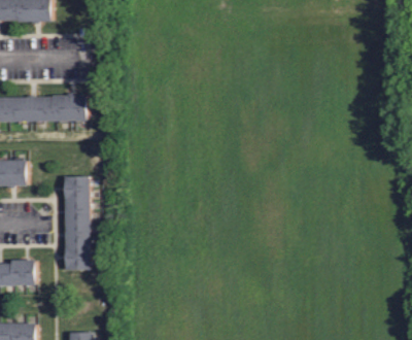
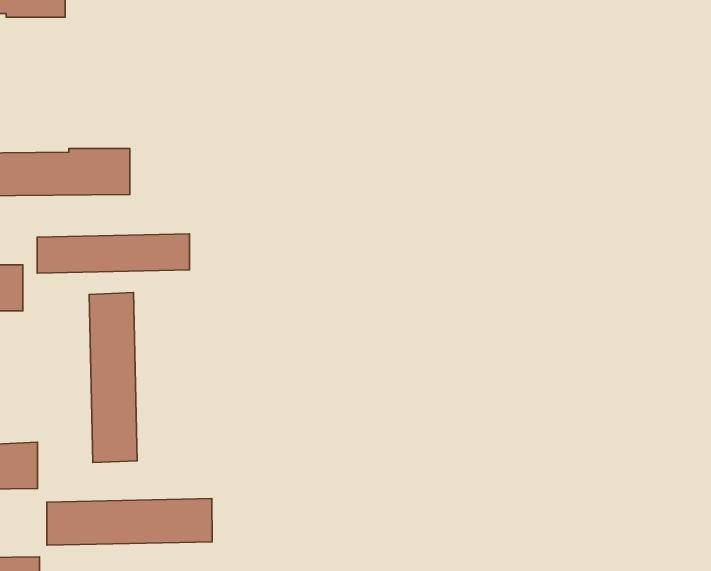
building: none -> [37,234,190,273]
building: none -> [47,499,212,545]

